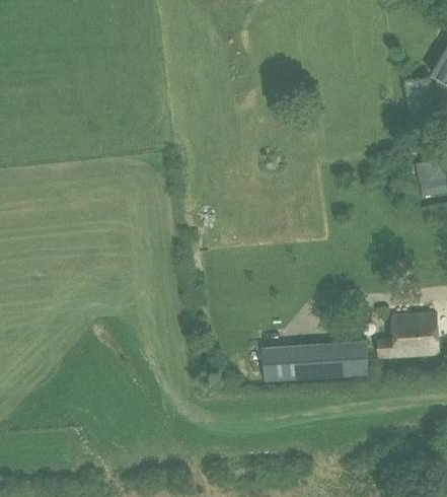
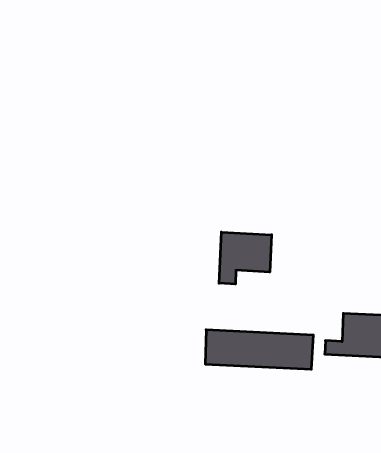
building: none -> [219,232,272,284]

